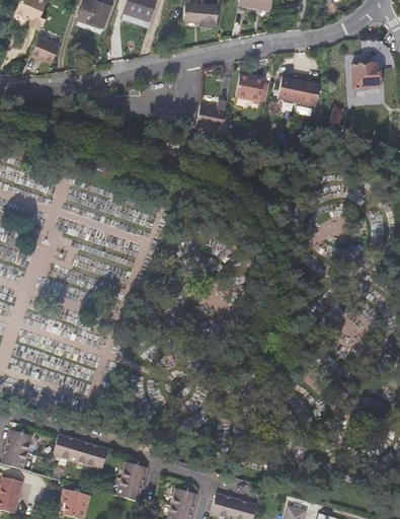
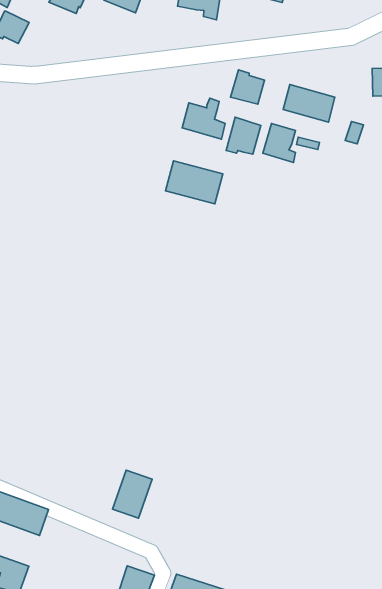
building: none -> [226,117,261,154]
building: none -> [263,124,295,163]
building: none -> [165,161,223,204]
building: [115,461,147,501] -> [113,470,152,518]

